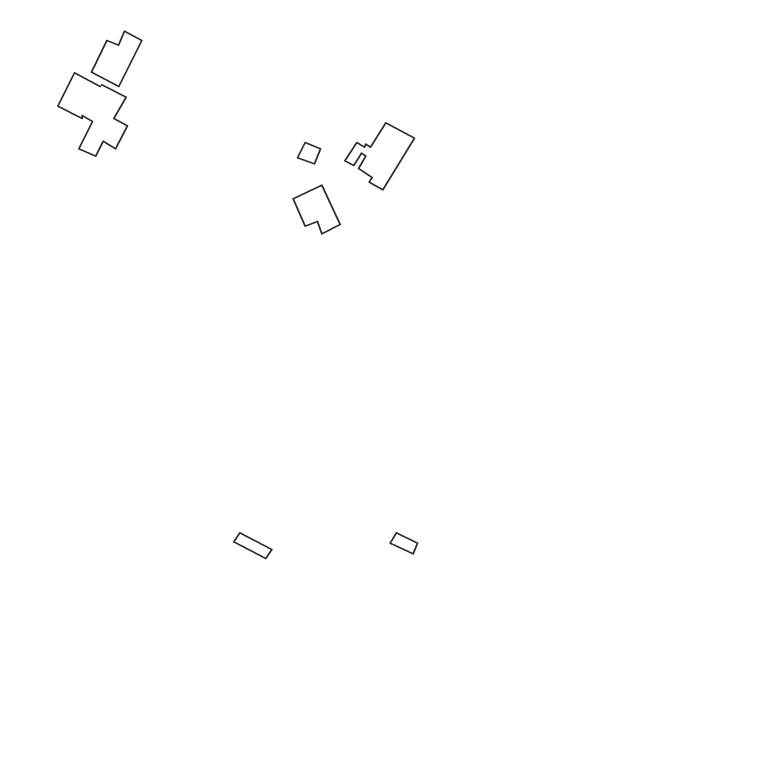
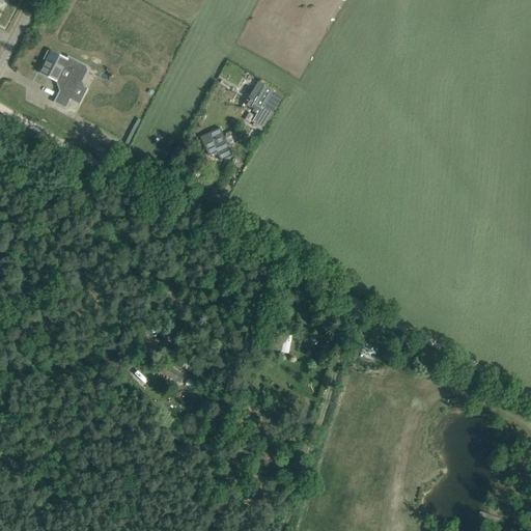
building: [91,31,142,86] -> none

